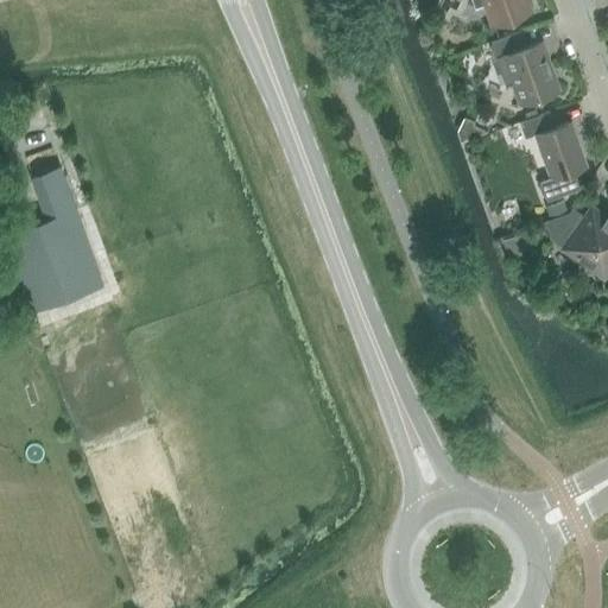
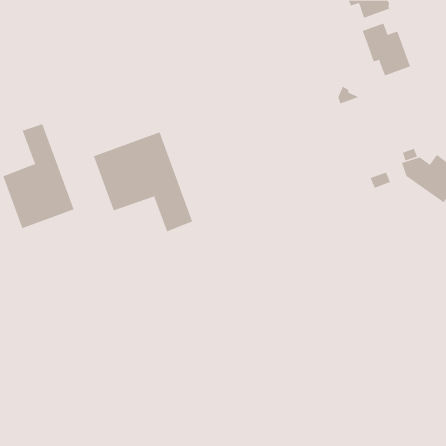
building: [521,113,587,203] -> none
building: none -> [93,132,193,232]

